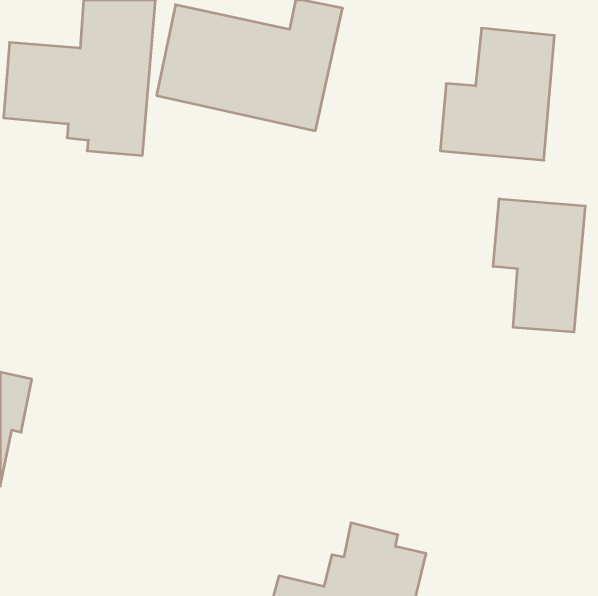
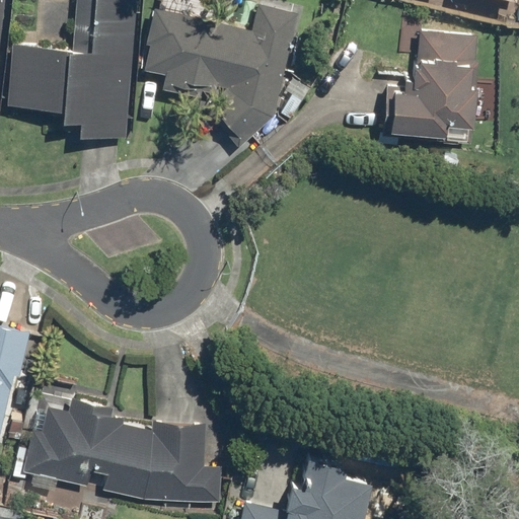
building: [493,199,585,332] -> none
building: none -> [22,397,223,504]

